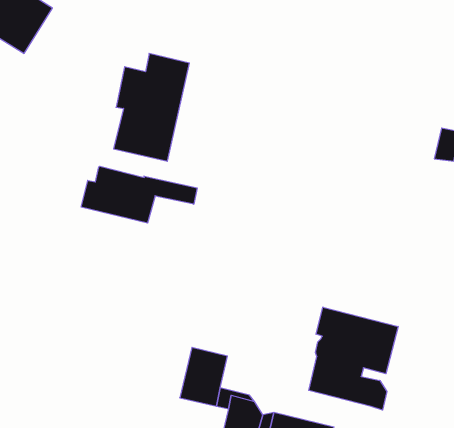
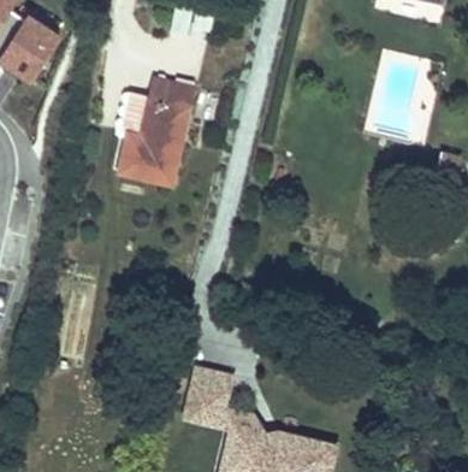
building: [81,166,197,223] -> none
building: [309,307,398,410] -> none

